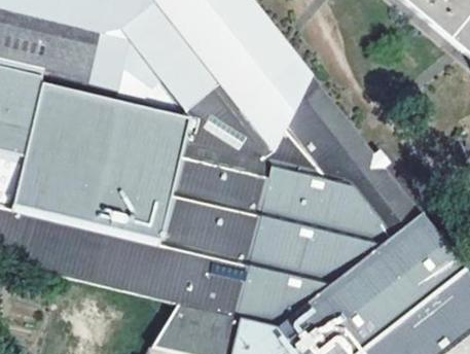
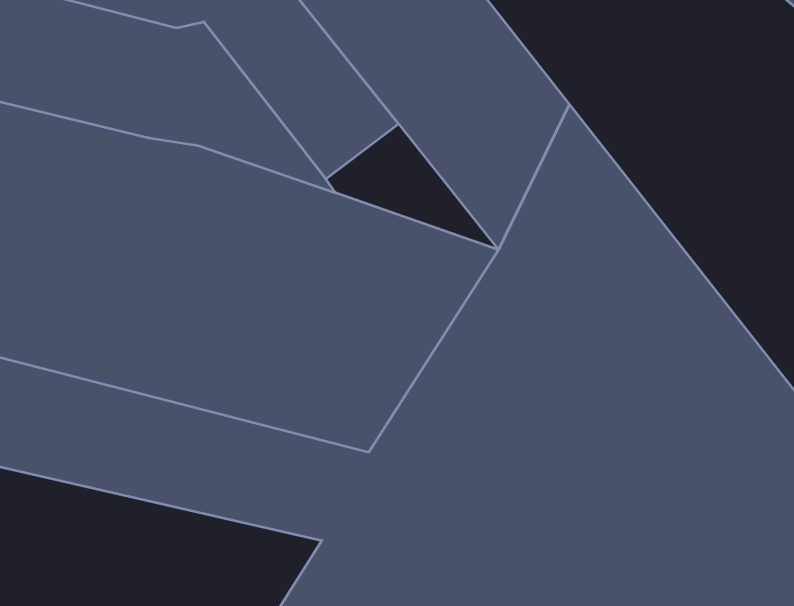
building: [184,84,275,150] -> none

